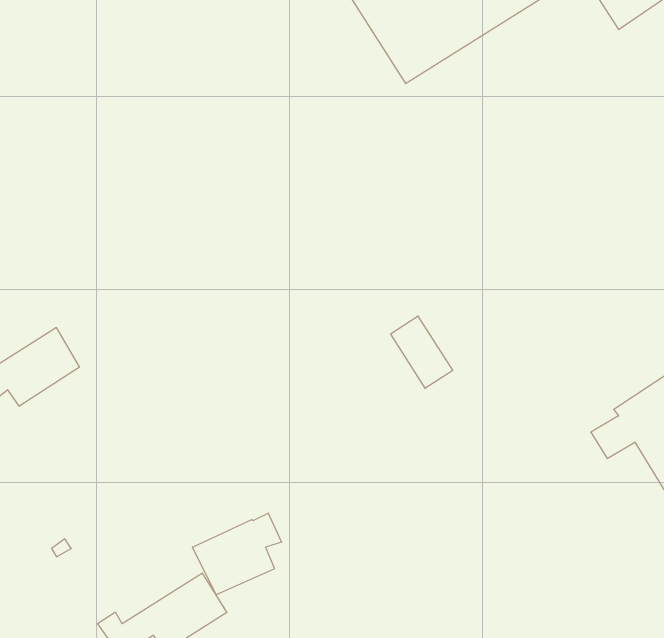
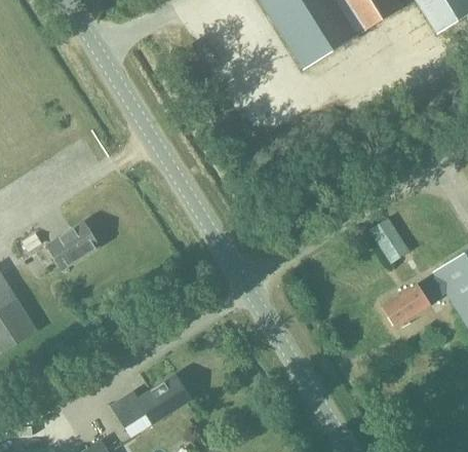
building: [390,316,453,388] -> [371,217,410,262]
building: none -> [382,283,430,326]
building: [192,513,281,595] -> none

